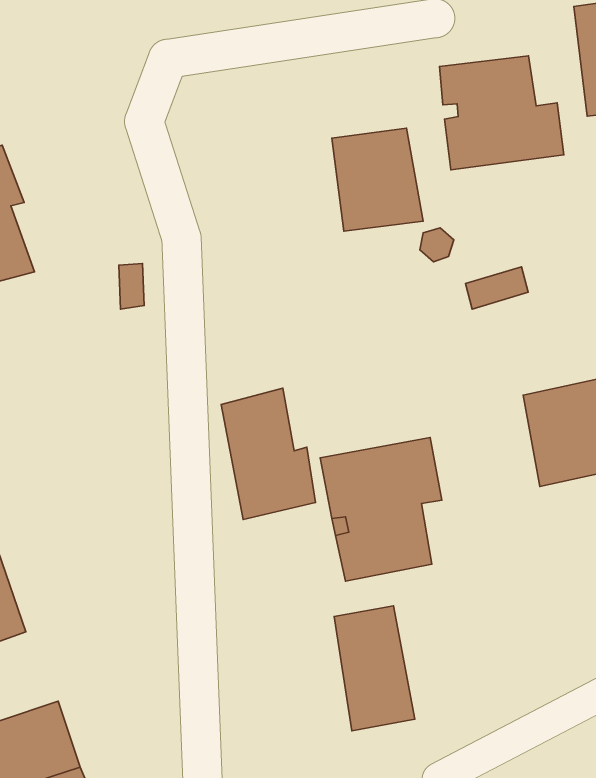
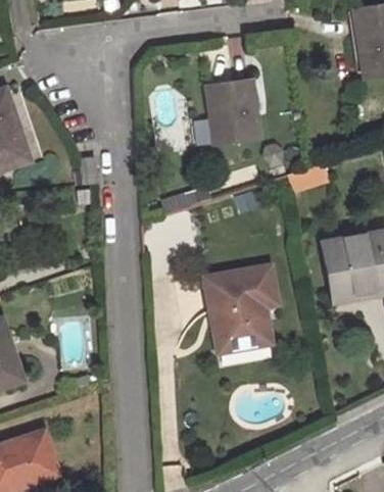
building: [440,56,564,170] -> none
building: [221,388,316,519] -> none
building: [334,606,415,731] -> none

